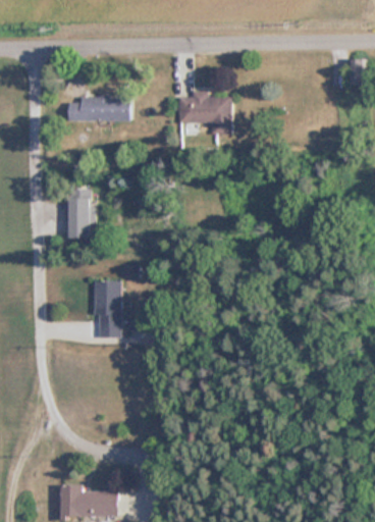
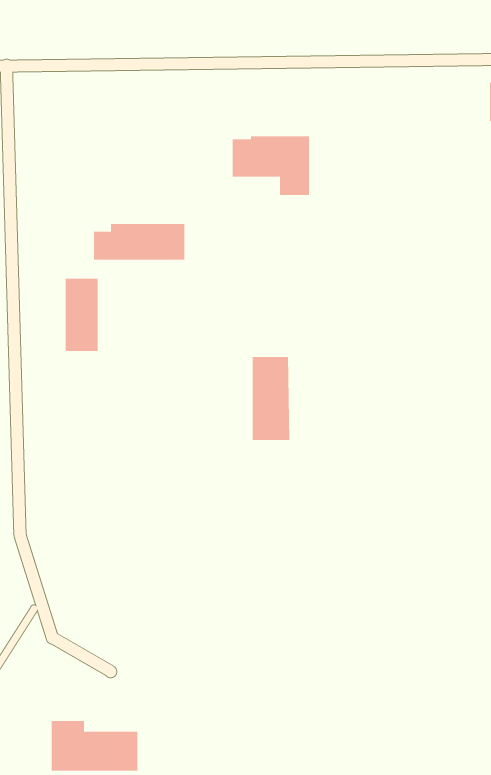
building: [68,97,129,121] -> [93,224,185,260]
building: [95,280,120,336] -> [252,356,290,441]

